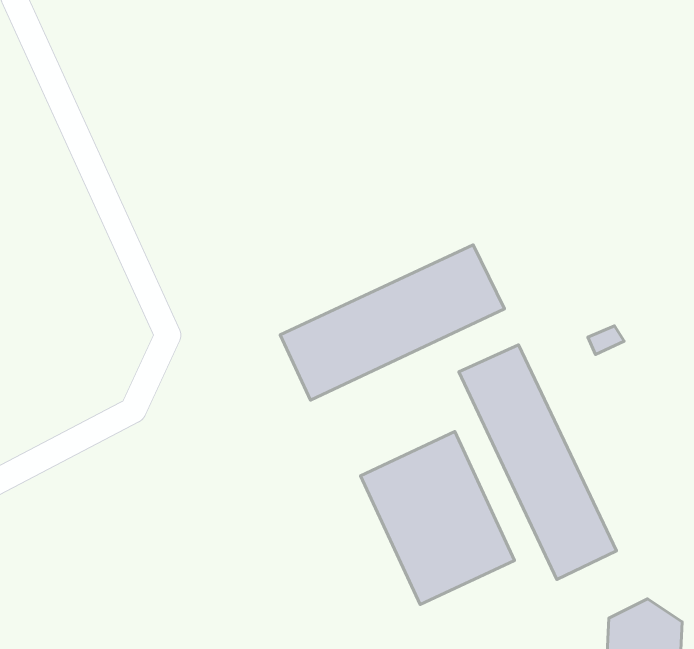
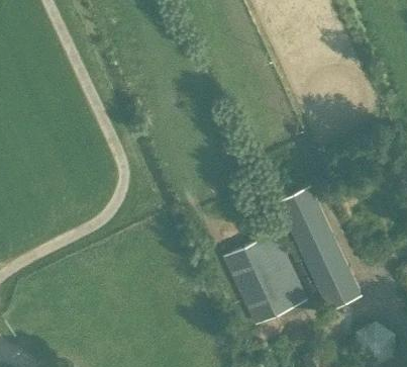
building: [280,245,505,400] -> none

